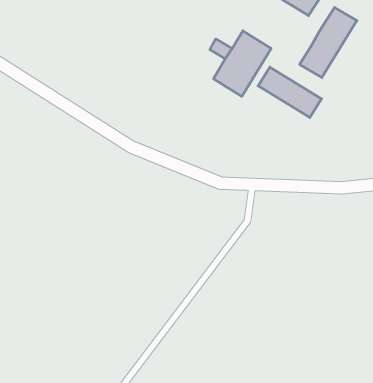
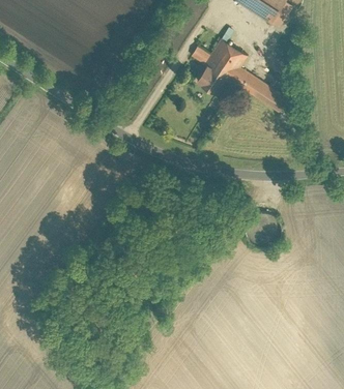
building: [300,7,357,78] -> none

